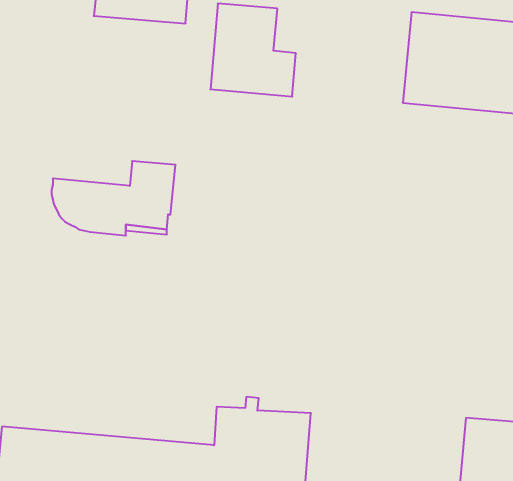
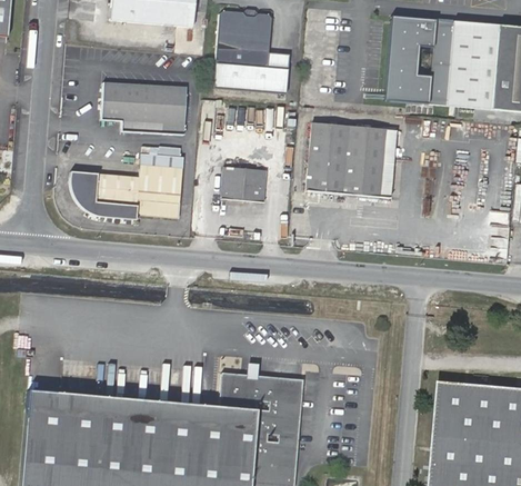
building: none -> [99,81,188,131]
building: none -> [307,126,398,199]
building: none -> [226,165,270,201]

